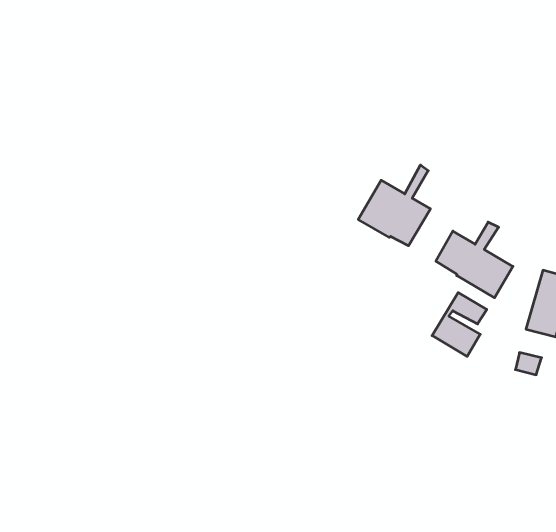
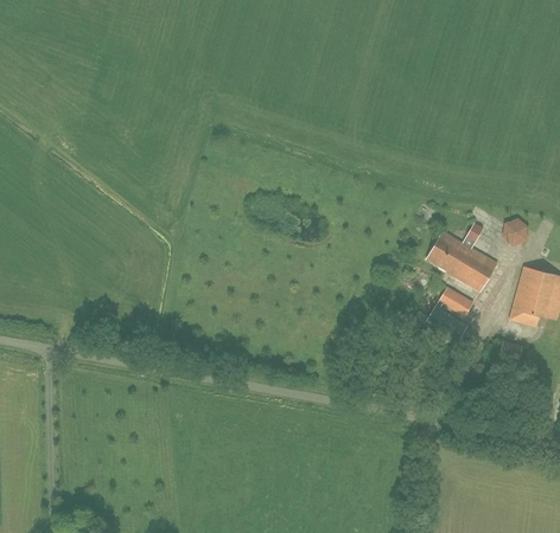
building: [358,165,430,246] -> none
building: none -> [499,217,529,243]

